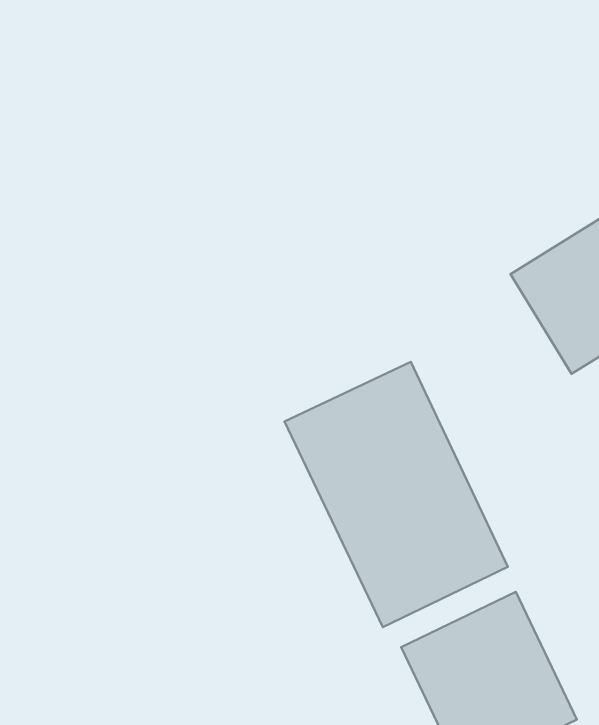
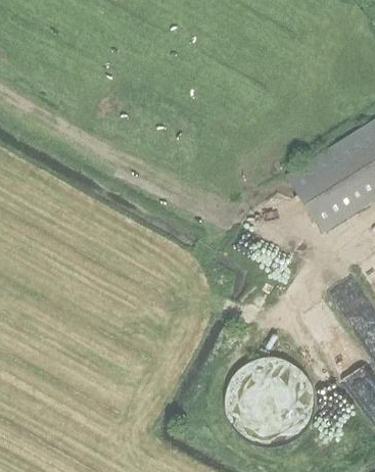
building: [284,362,508,627] -> none

